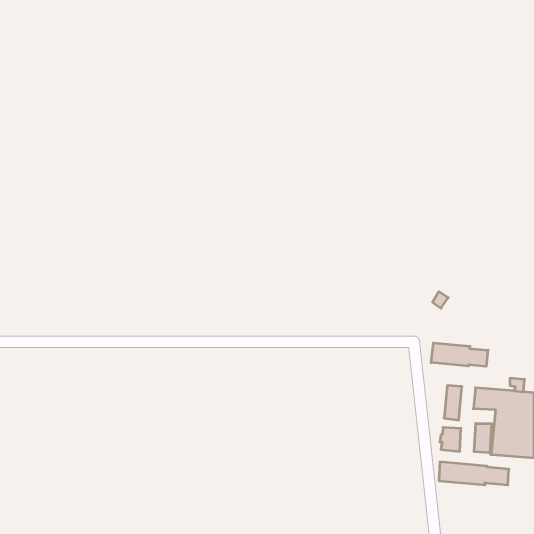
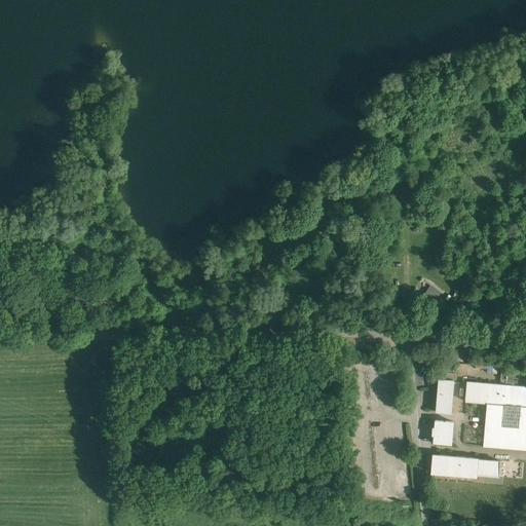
building: [431,343,488,366] -> none
building: [474,423,491,453] -> none

